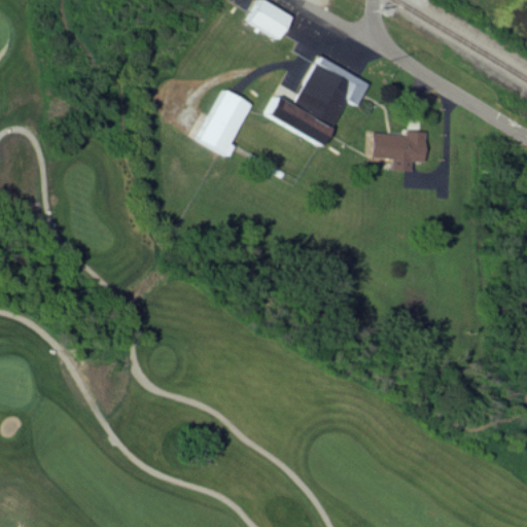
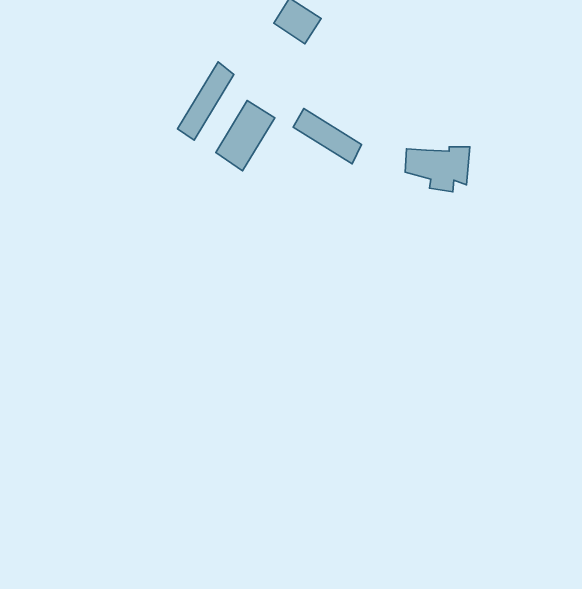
building: none -> [178,62,234,140]
building: [296,57,368,127] -> none

